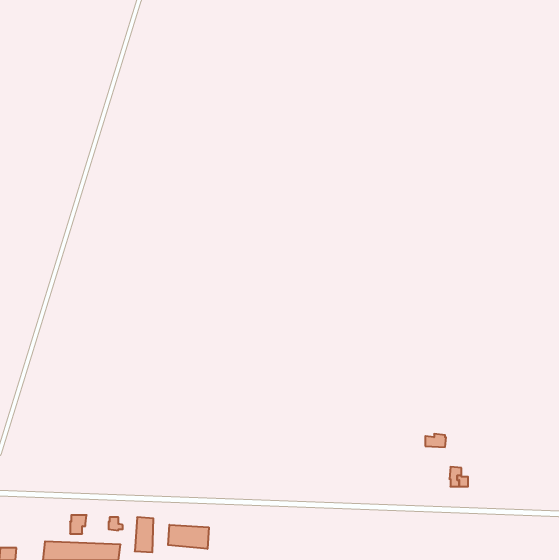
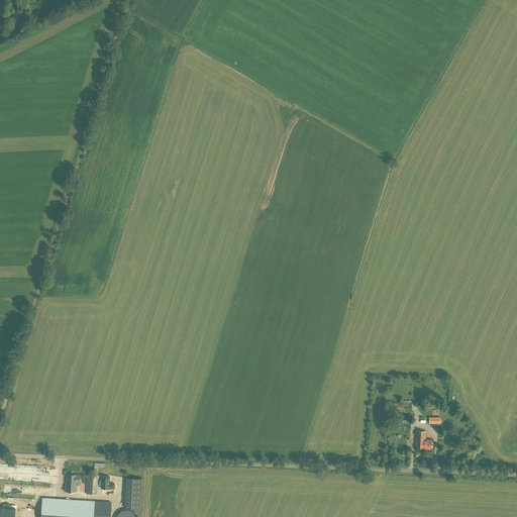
building: [168,525,209,549] -> none

